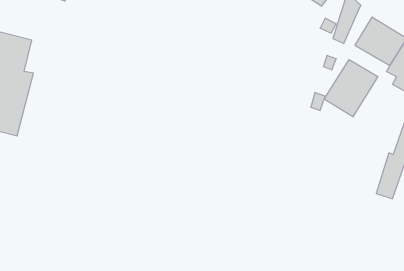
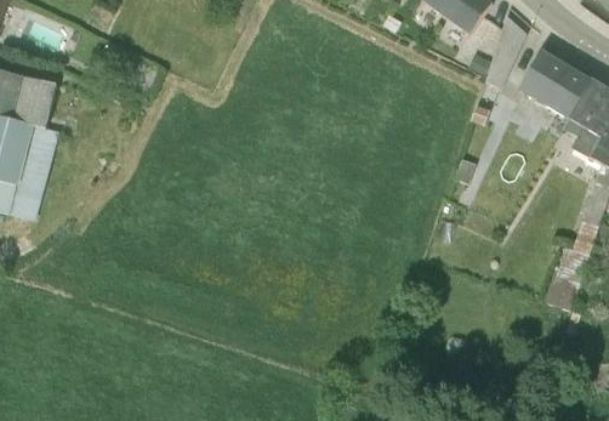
building: [324,60,378,117] -> none

